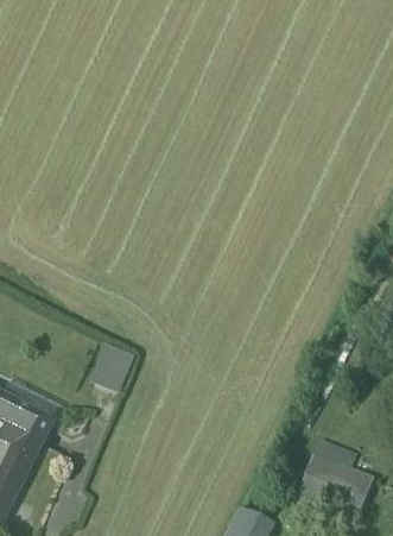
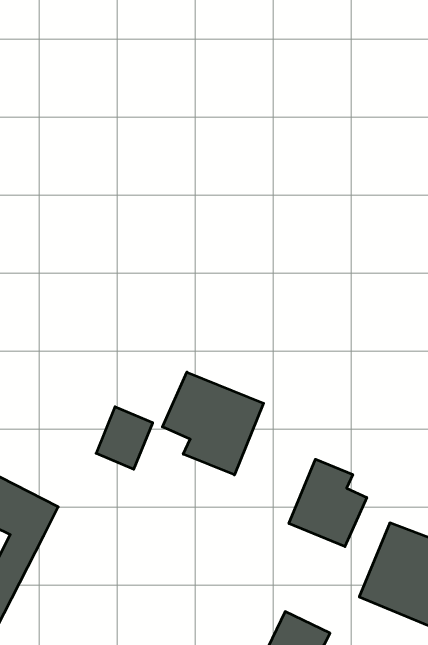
building: none -> [162,372,264,475]
building: none -> [289,459,367,547]

